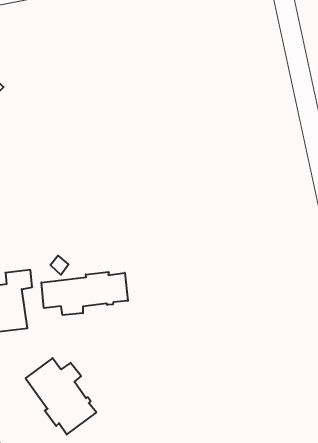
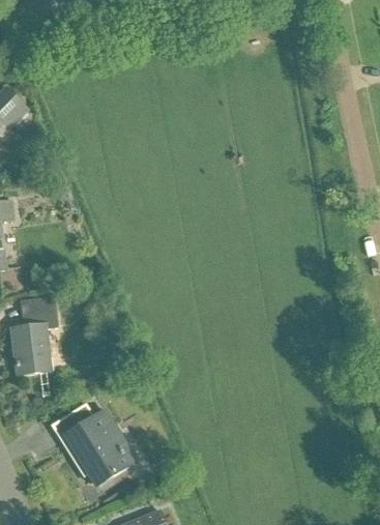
building: [41,272,128,315] -> none

